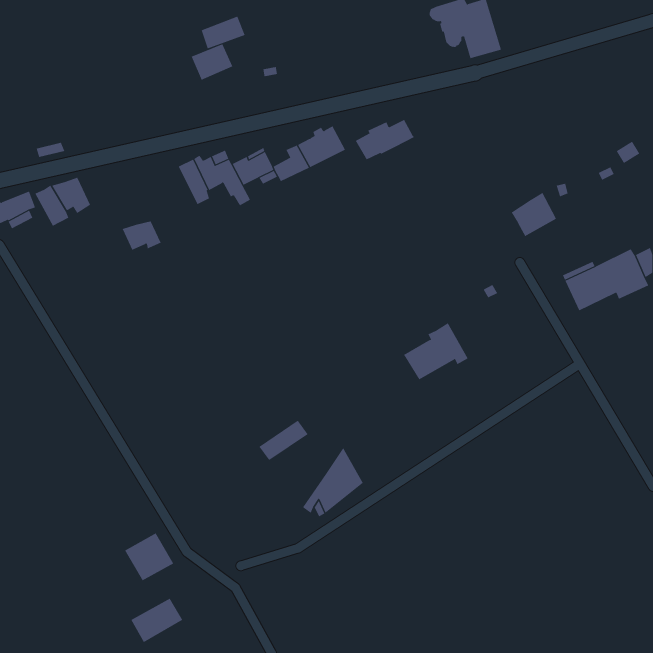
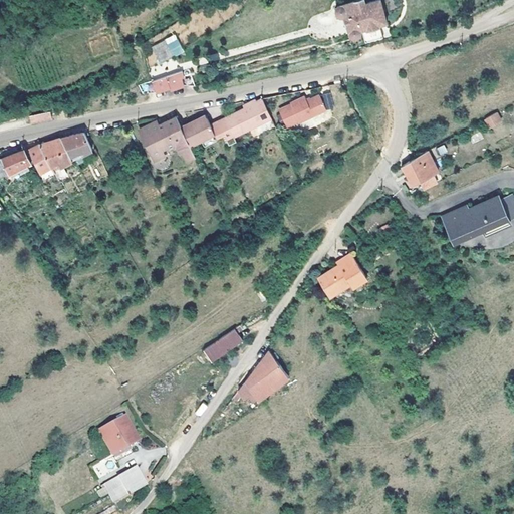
building: [201,16,246,49] -> [150,70,185,96]
building: [122,221,161,250] -> [61,134,92,157]

